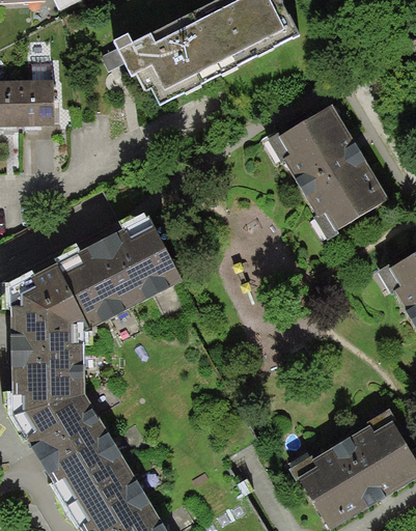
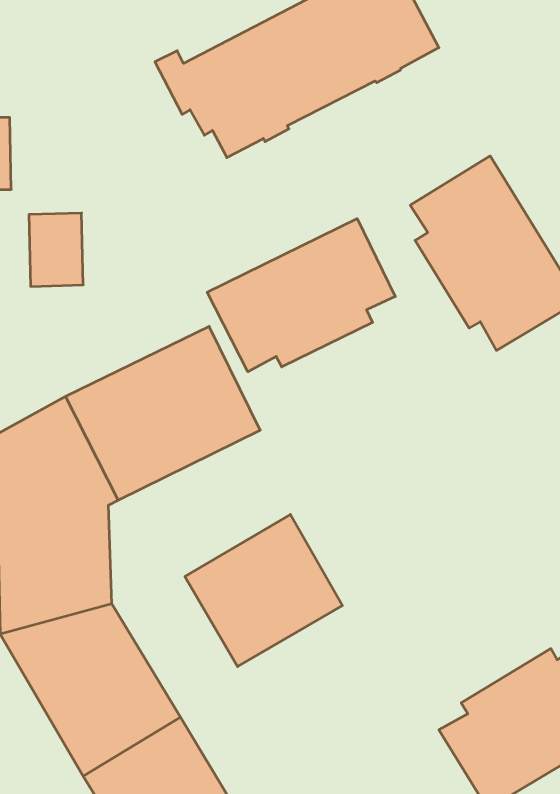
building: [18,78,53,125] -> [29,213,83,286]
building: none -> [207,219,395,372]
building: none -> [185,514,342,667]

